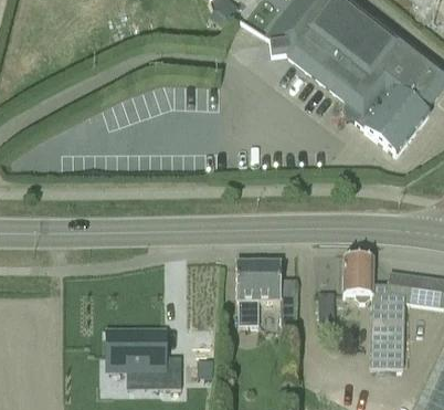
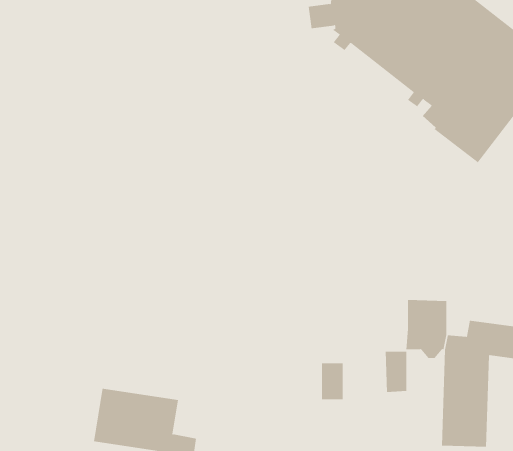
building: [235,261,281,325] -> none

